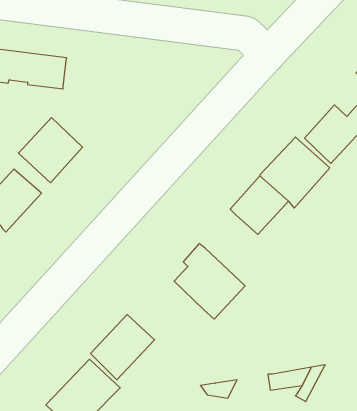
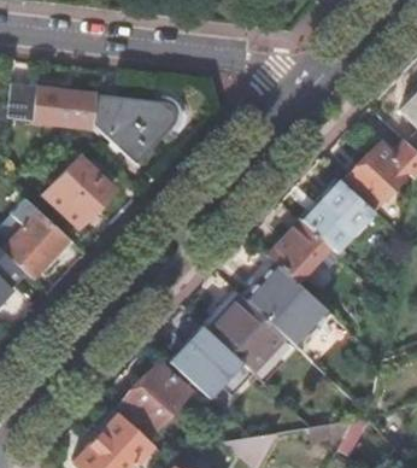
building: none -> [93,95,178,165]
building: none -> [242,261,333,350]
building: none -> [171,326,241,396]

